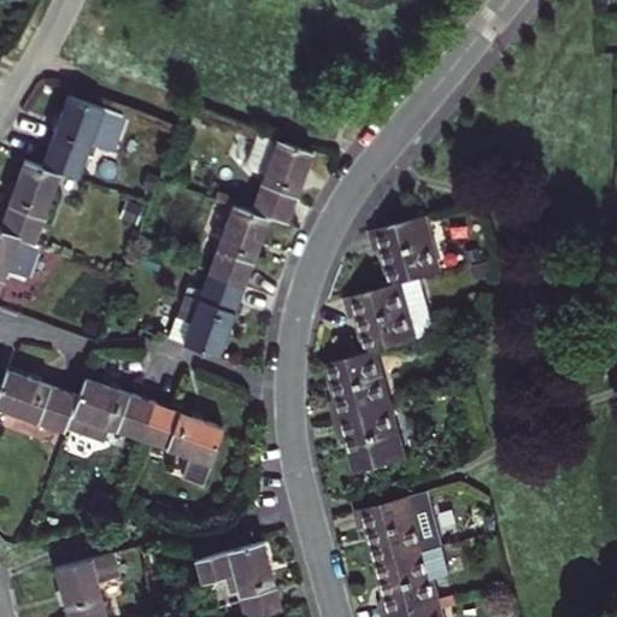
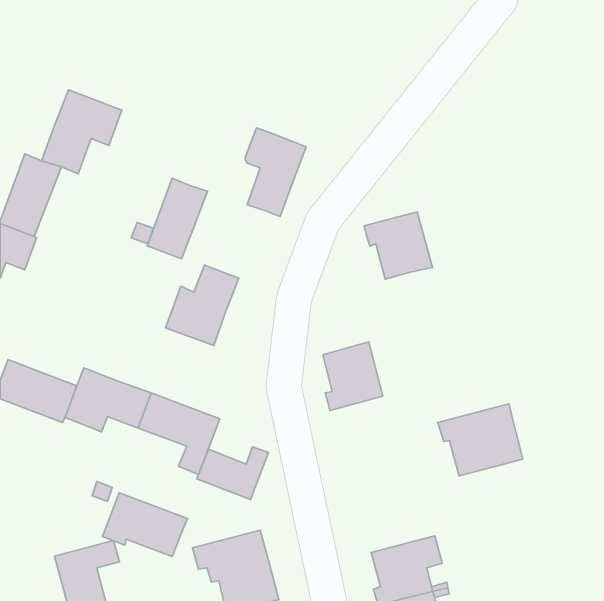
building: [208,205,270,287] -> [147,178,208,259]
building: [346,281,433,354] -> none
building: [336,407,406,475] -> none
building: none -> [197,447,268,500]
building: [357,493,443,566] -> [438,404,523,476]
building: none -> [102,493,187,556]

